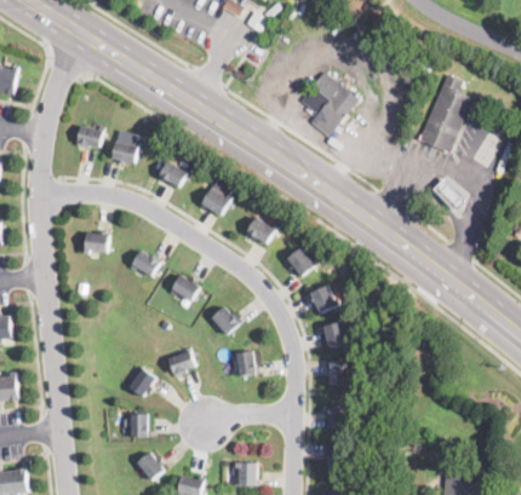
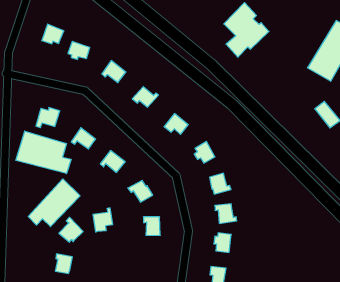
building: none -> [16,131,71,174]
building: none -> [28,179,80,227]

